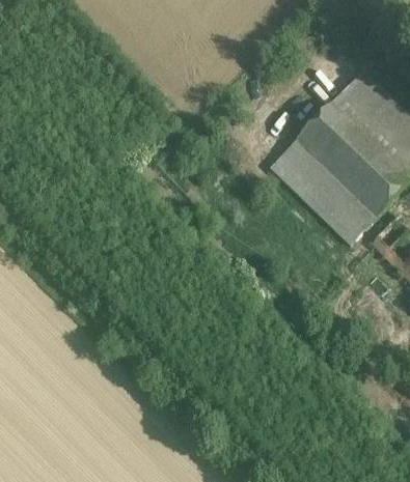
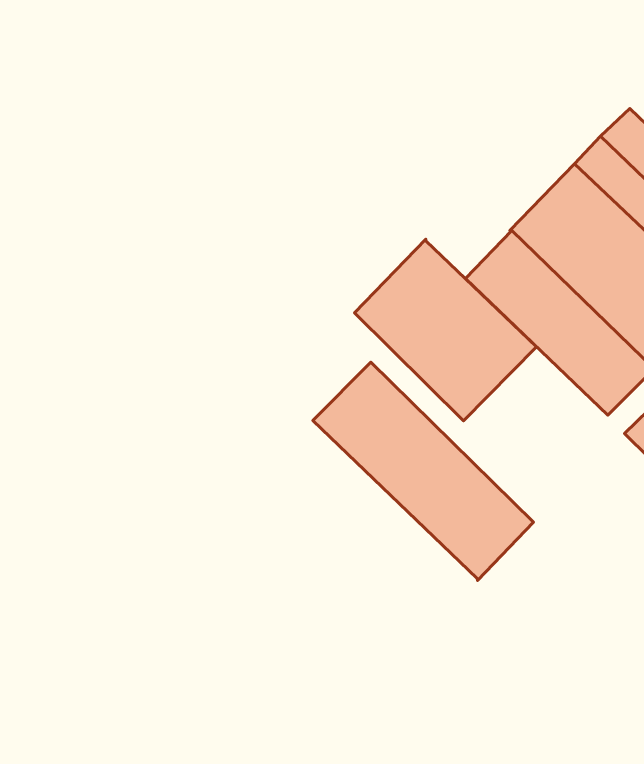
building: none -> [355,239,537,421]
building: none -> [313,362,533,580]

